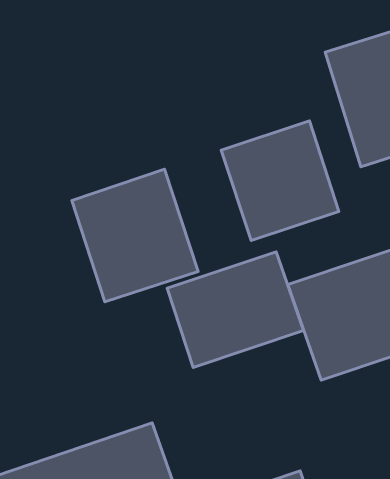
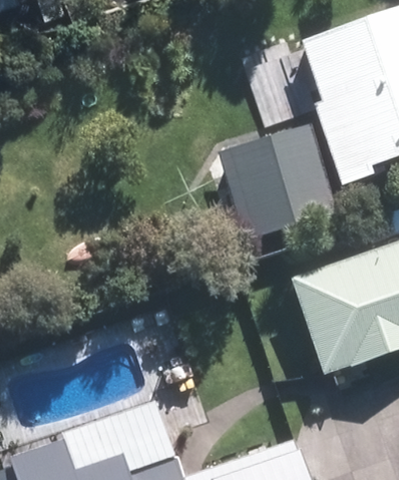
building: [72,169,198,302] -> none
building: [167,252,303,368] -> none

